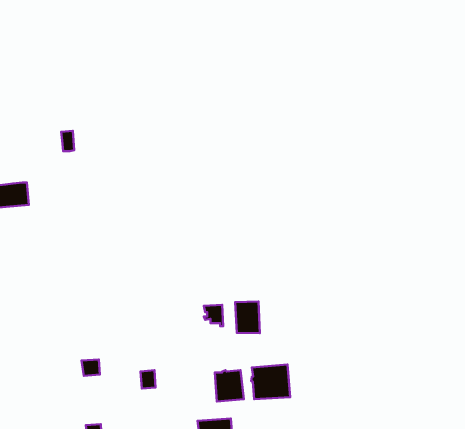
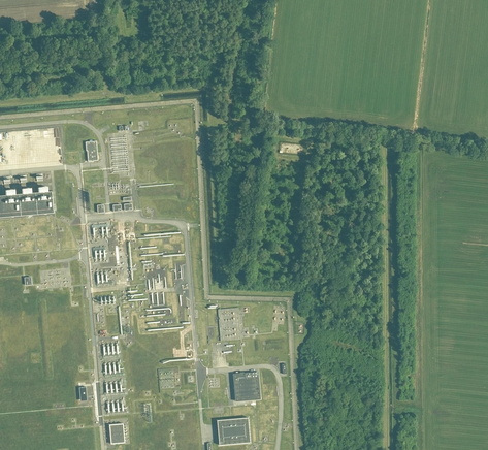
building: [235,302,260,333] -> none
building: [251,364,290,399] -> none

